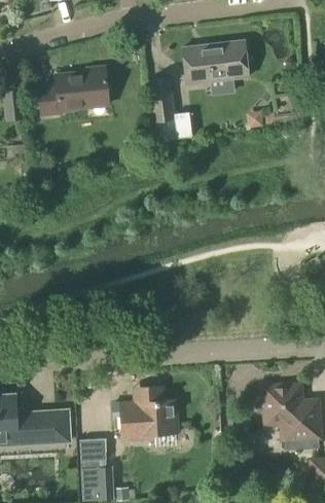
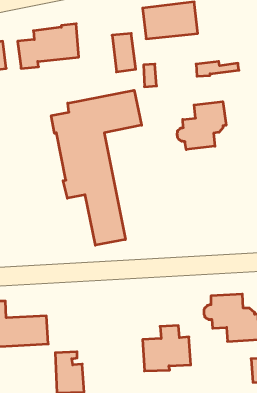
building: none -> [51,90,142,245]
building: none -> [177,102,226,150]
building: [120,386,177,439] -> [143,326,191,371]

